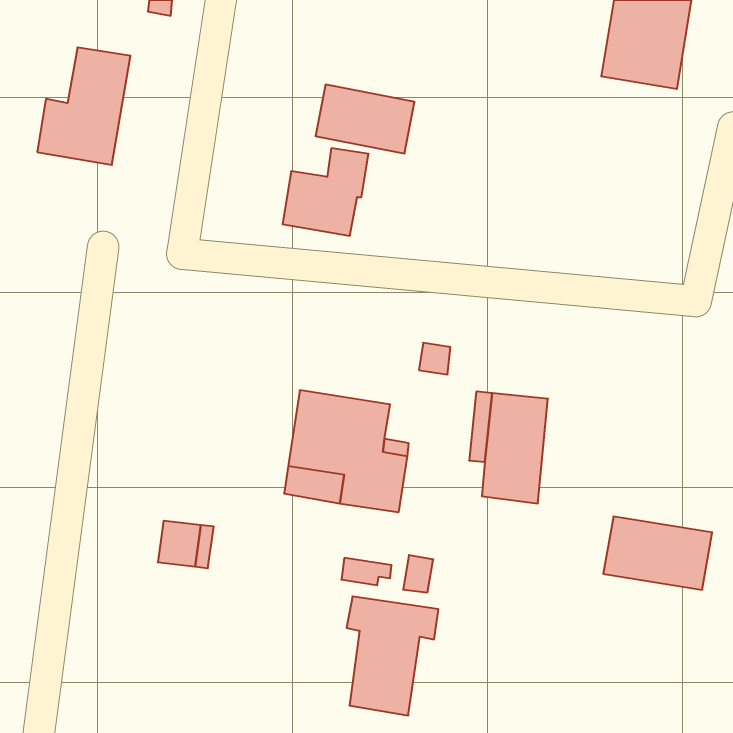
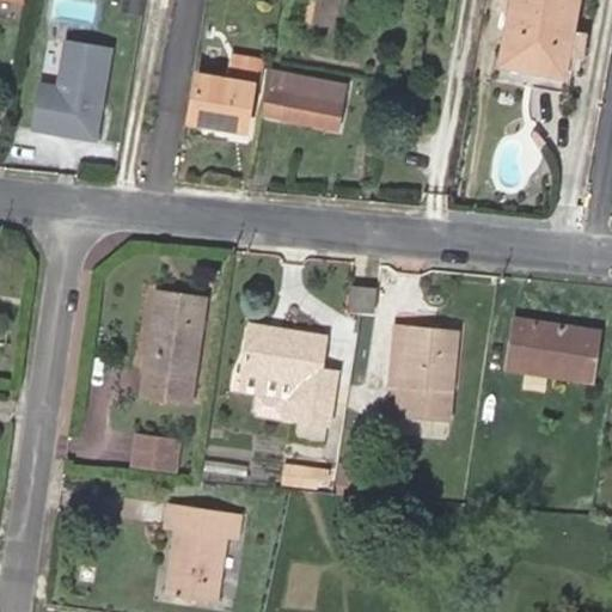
building: [283,148,369,236] -> [190,55,262,128]
building: none -> [142,292,204,403]
building: [603,517,712,590] -> [508,319,599,380]
building: [347,596,438,715] -> [165,503,241,602]

